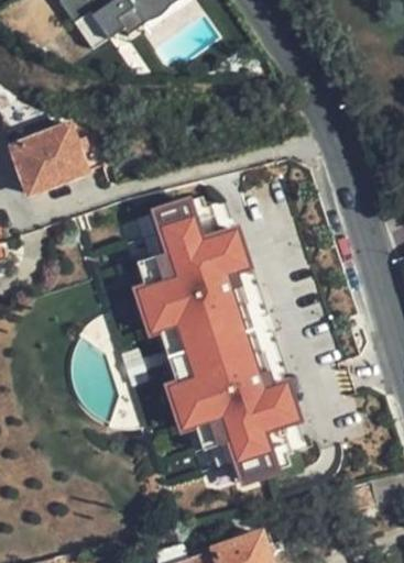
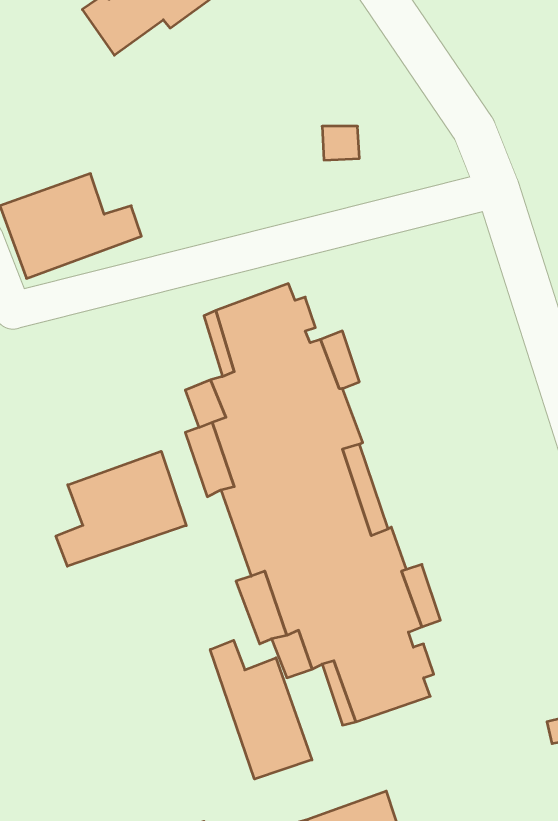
building: none -> [56,451,186,566]
building: none -> [210,640,312,779]

